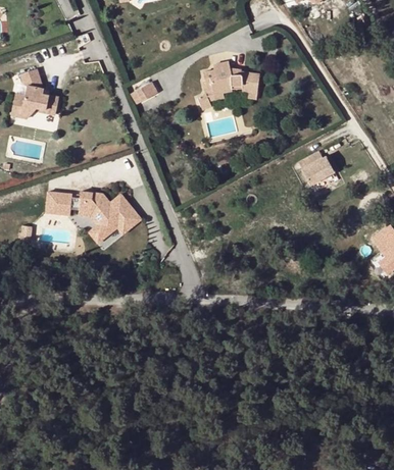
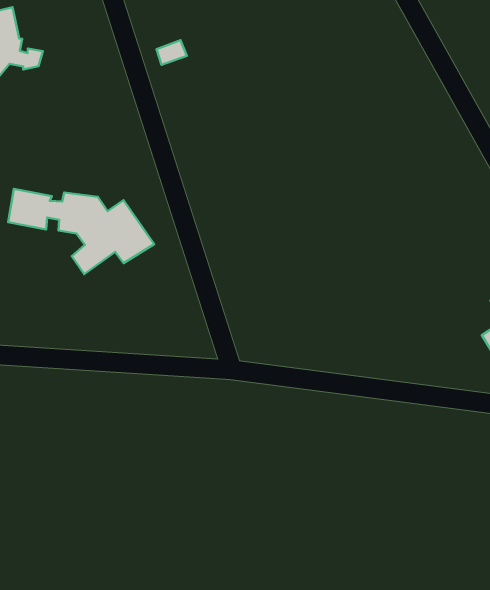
building: [203,62,259,96] -> none
building: [298,152,334,185] -> none

